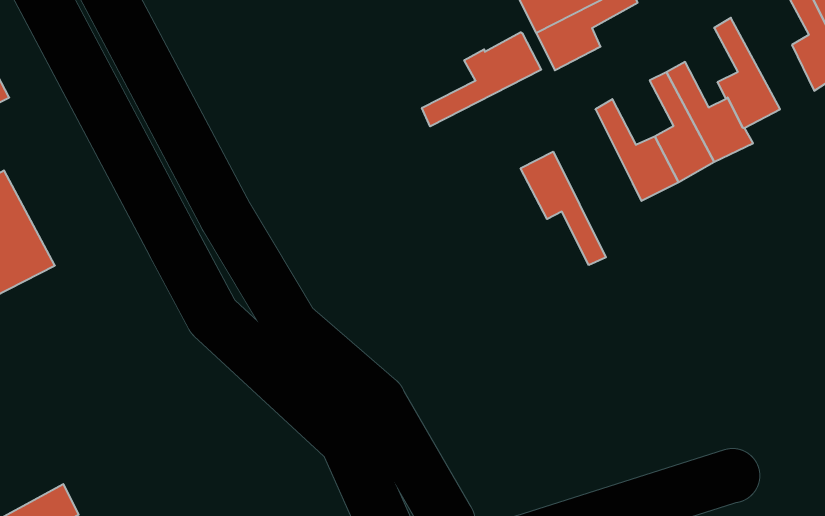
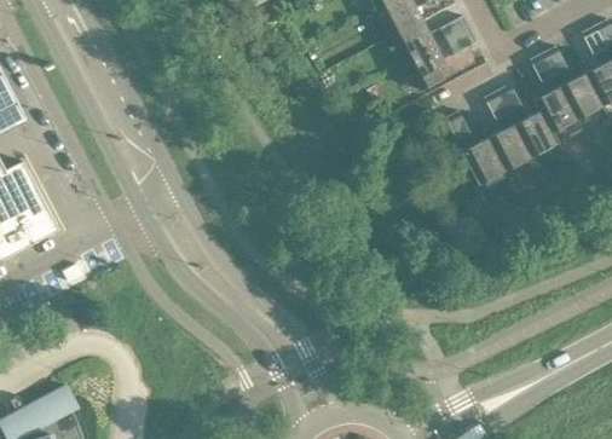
building: none -> [542,47,601,119]
building: [422,32,541,126] -> none
building: [521,152,606,265] -> none

